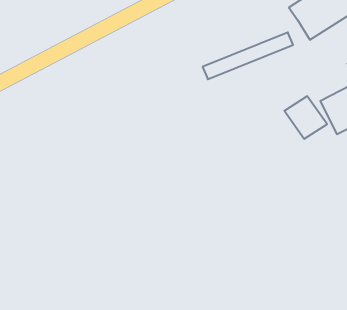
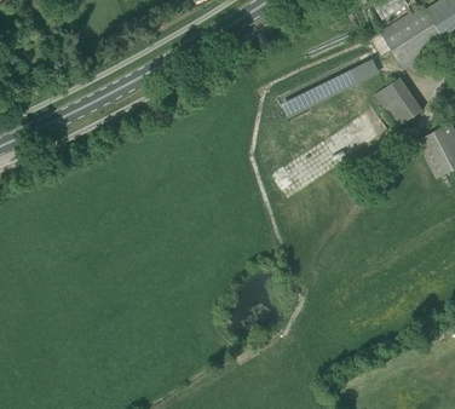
building: [284,96,327,139] -> [374,77,424,127]

